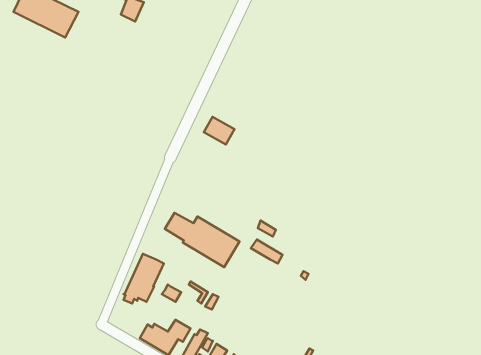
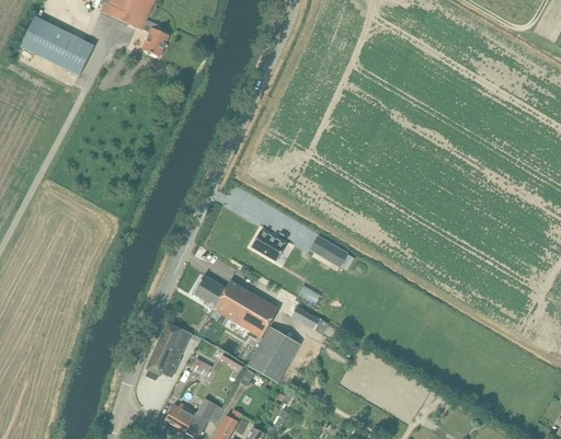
building: [204,117,234,144] -> [250,230,285,262]
building: none -> [309,235,347,267]
building: none -> [247,326,300,383]

